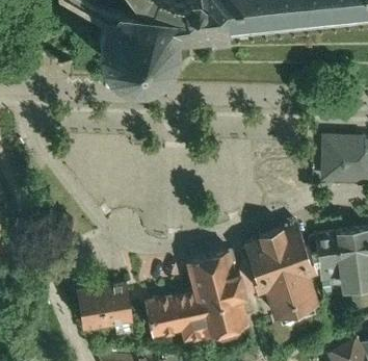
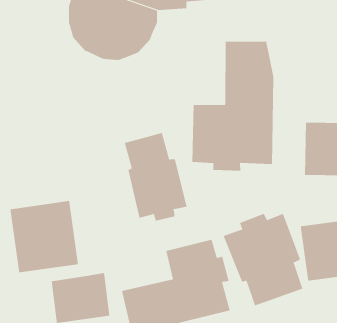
building: none -> [192,41,274,171]
building: none -> [124,132,187,221]
building: none -> [10,200,78,273]

